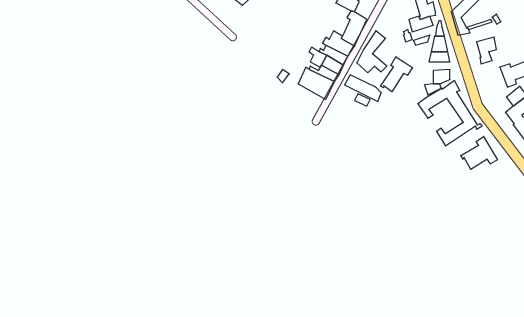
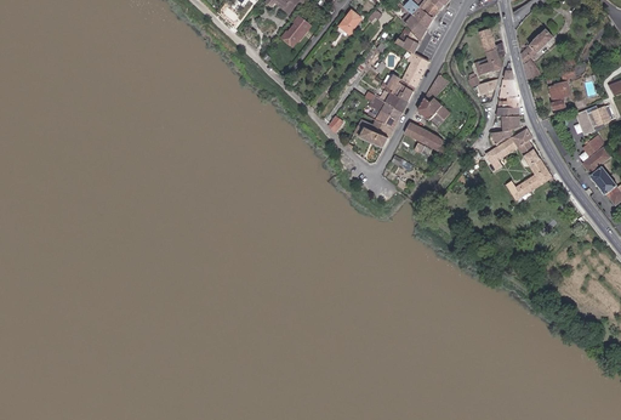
building: [381,57,412,92] -> none
building: [461,136,497,169] -> none

